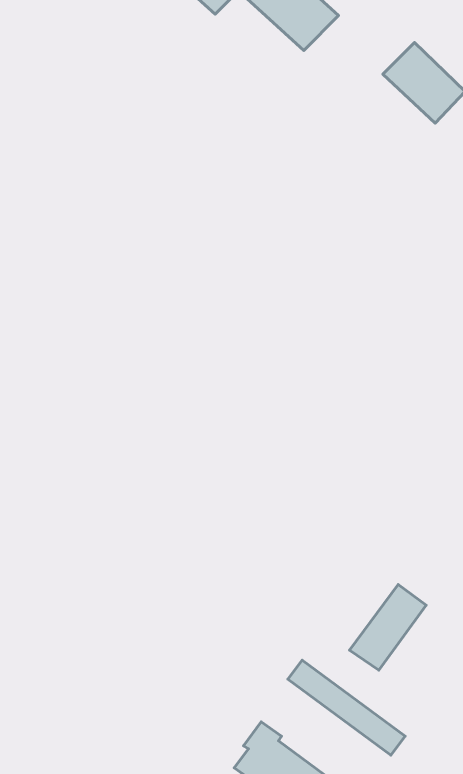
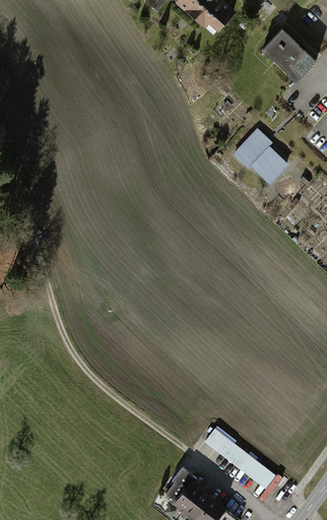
building: none -> [231,129,287,186]
building: [349,584,426,670] -> none

